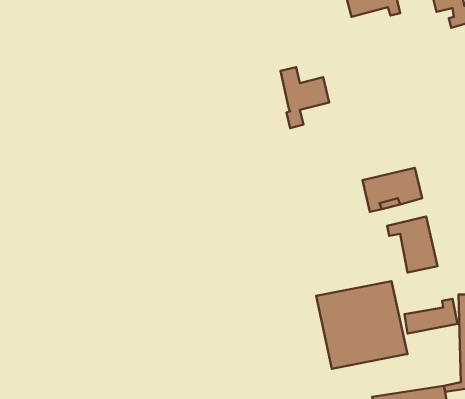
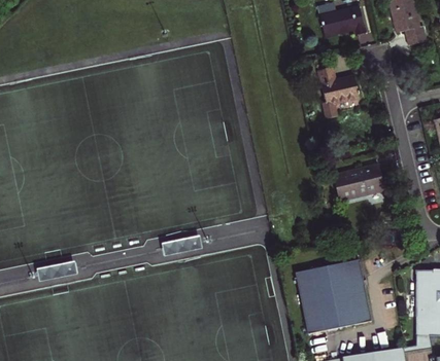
building: [280,67,329,128] -> [318,67,360,118]
building: [387,217,438,273] -> none
building: [404,299,457,333] -> none

